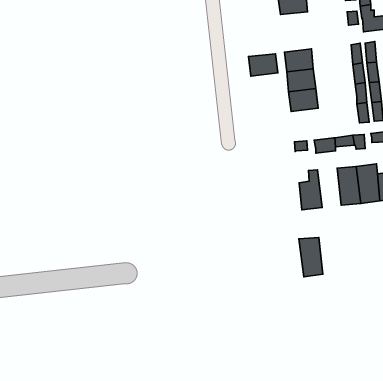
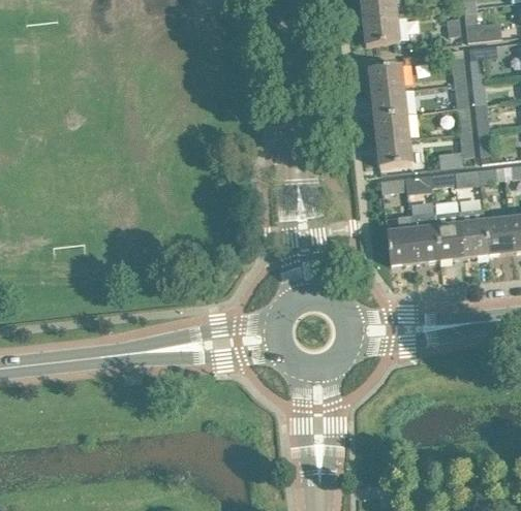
building: [248,54,278,76] -> [363,17,400,44]
building: none -> [376,137,412,166]
building: [299,237,323,277] -> [409,213,439,262]

